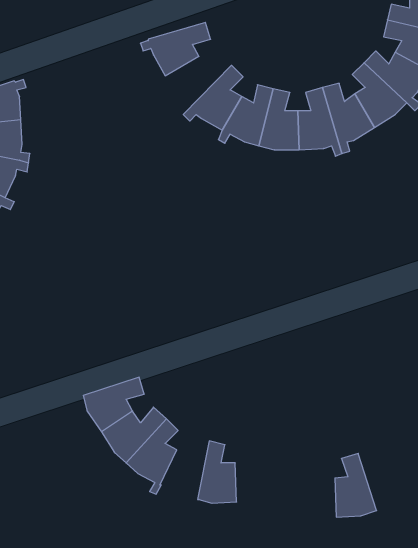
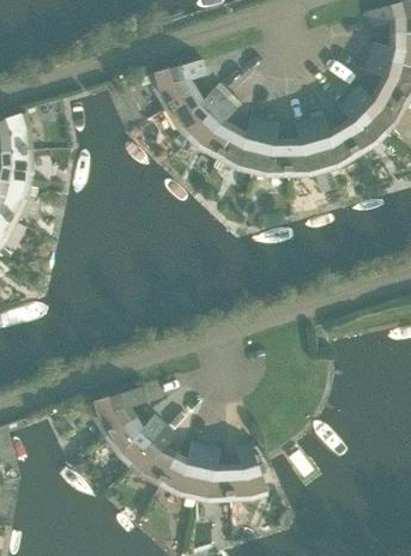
building: none -> [163,85,224,141]
building: none -> [158,439,204,504]
building: [335,453,377,517] -> [228,440,266,498]

